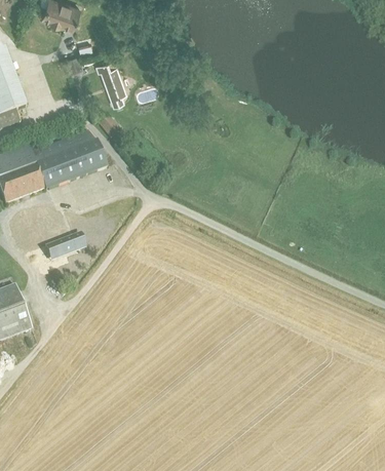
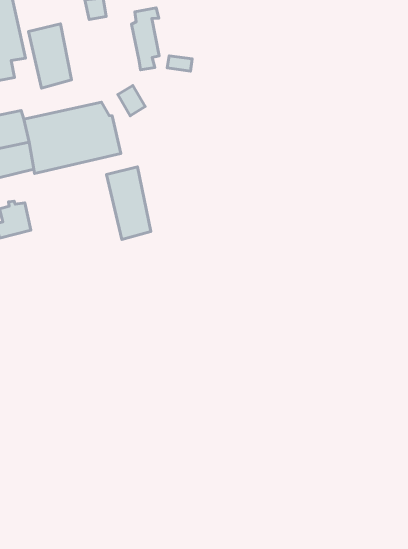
building: none -> [28,24,72,88]
building: none -> [107,167,151,240]
building: [45,233,76,258] -> none

